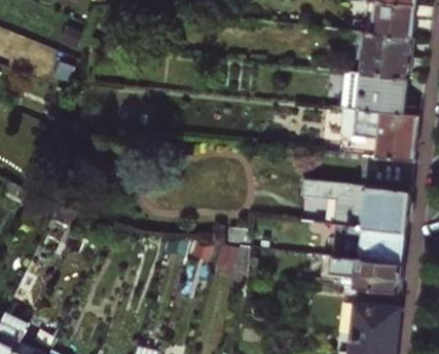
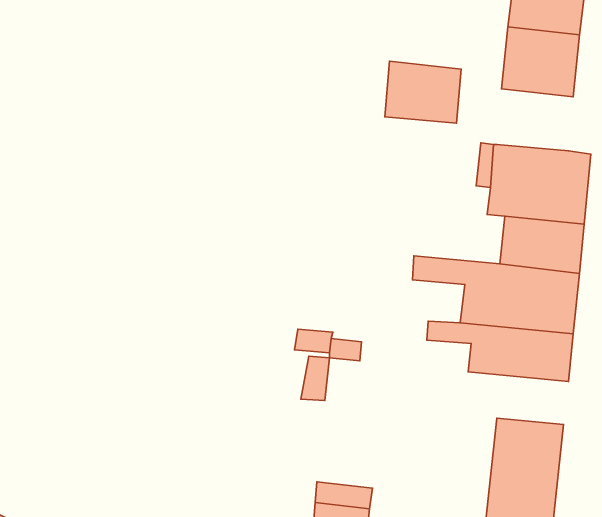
building: [356,74,405,114] -> [385,61,461,123]
building: [320,255,402,290] -> none

